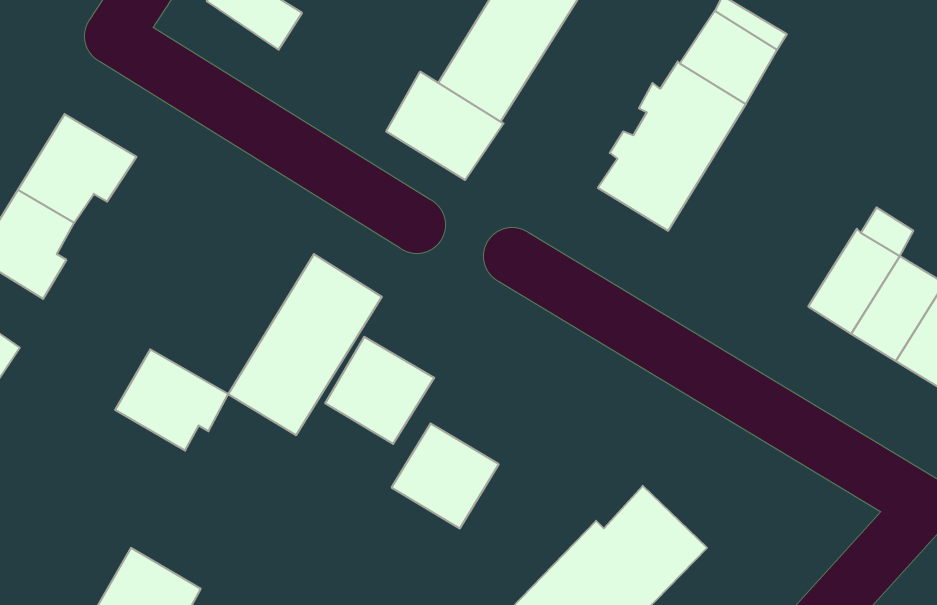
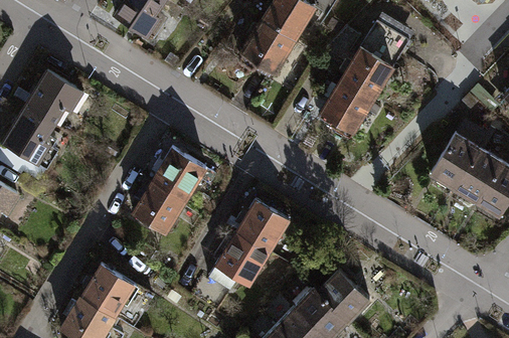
building: [386,72,504,180] -> none
building: [325,337,434,444] -> [232,199,289,255]
building: [115,349,228,451] -> [77,267,136,319]

